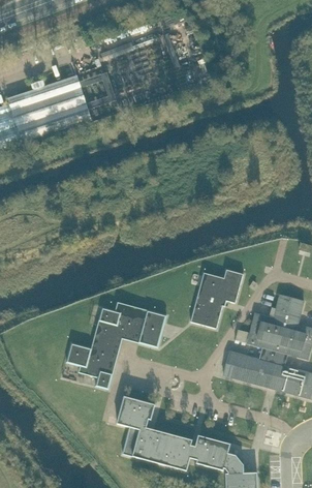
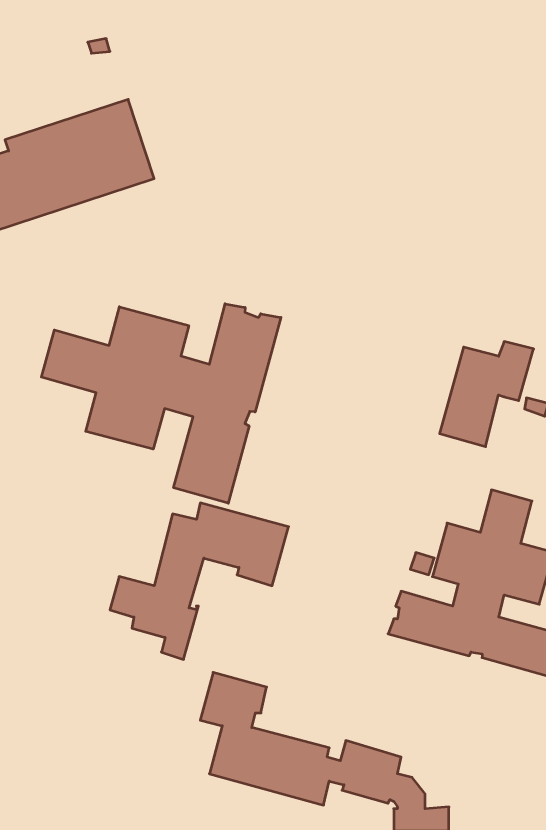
building: none -> [41,304,281,503]
building: [190,269,243,328] -> [440,342,534,447]

